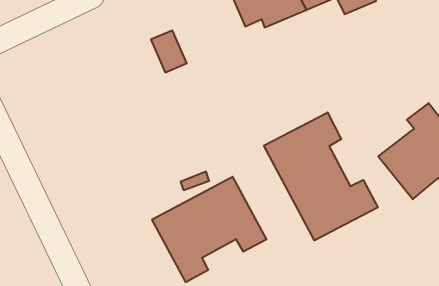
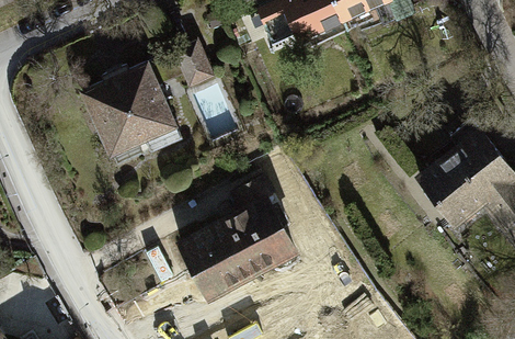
building: none -> [83,65,183,157]
building: [264,112,378,240] -> none

